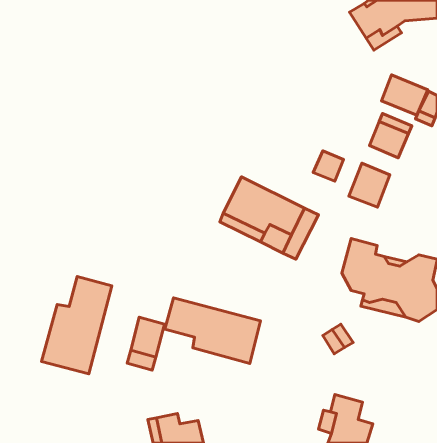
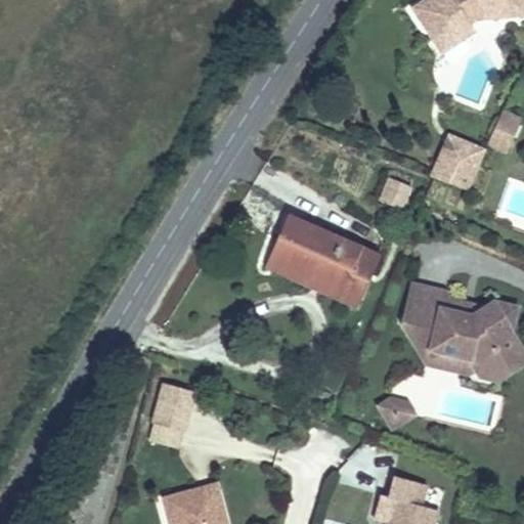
building: [381,75,428,115] -> none
building: [349,163,390,207] -> none
building: [42,277,112,374] -> none
building: [165,298,261,363] -> none

